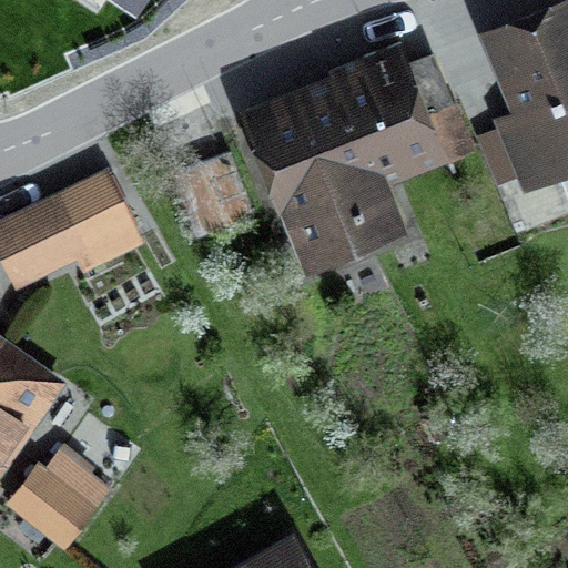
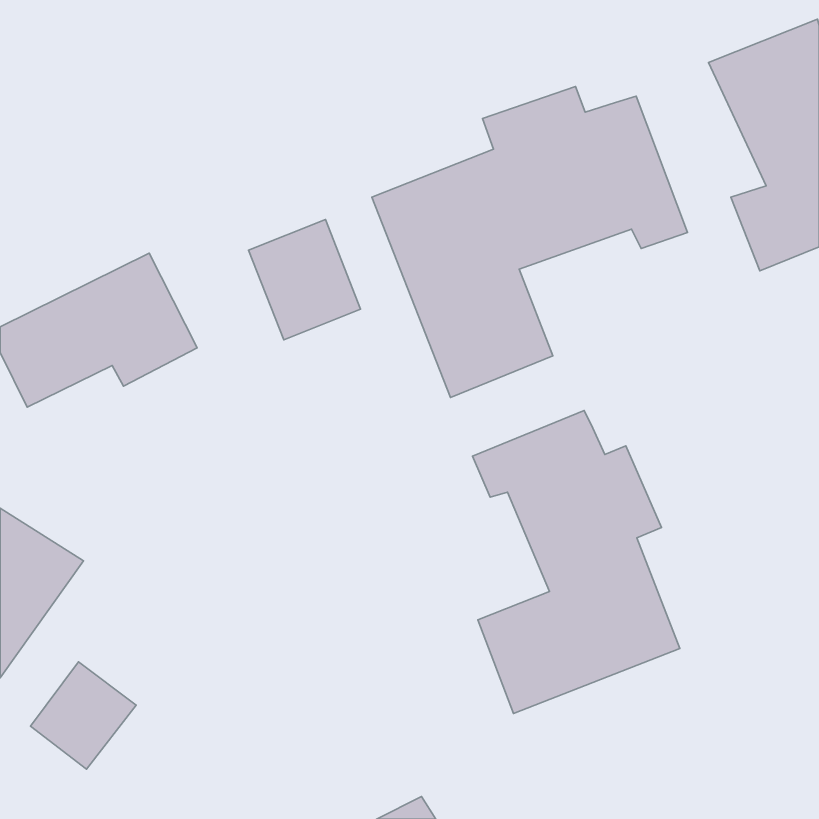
building: none -> [472,410,680,714]

